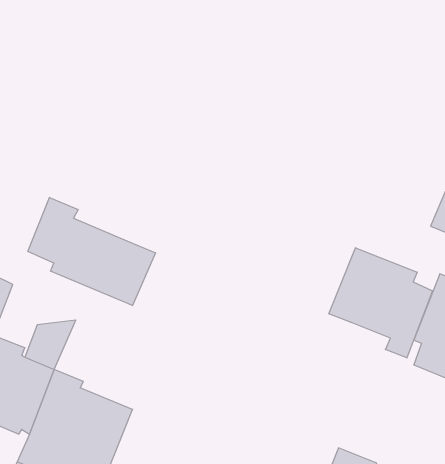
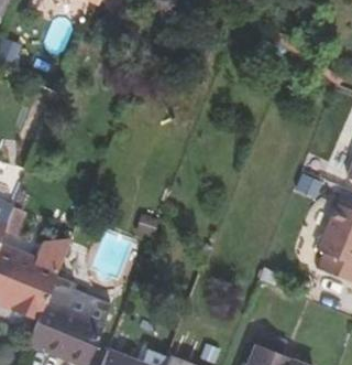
building: [28,197,155,306] -> none
building: [329,248,433,358] -> none

